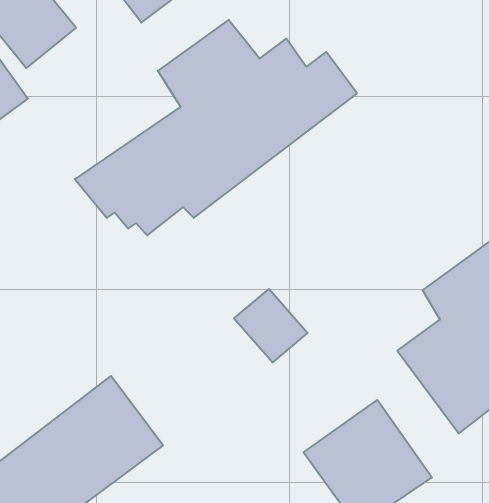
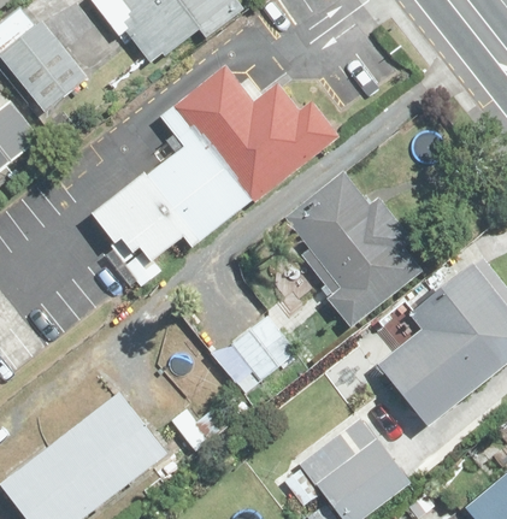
building: none -> [291,176,425,331]

